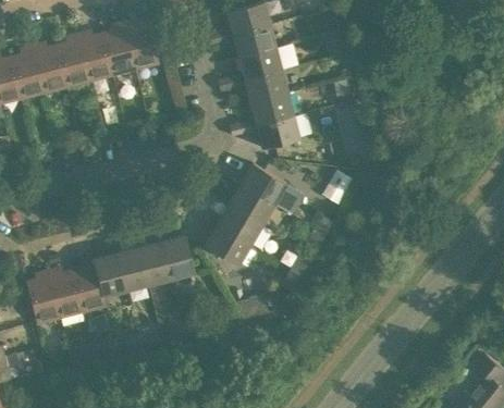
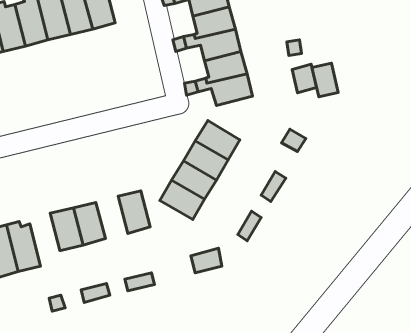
building: none -> [312,63,338,97]
building: [139,242,172,285] -> none
building: [72,259,107,313] -> none

